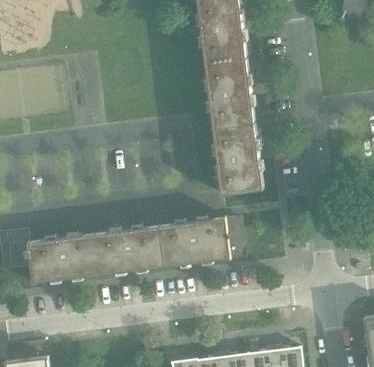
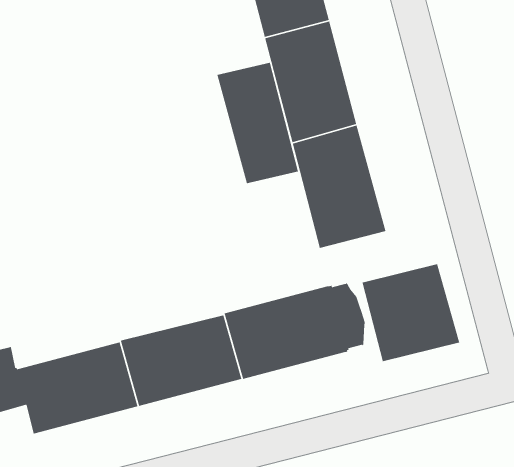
building: none -> [216,62,299,184]
building: none -> [361,263,460,362]

